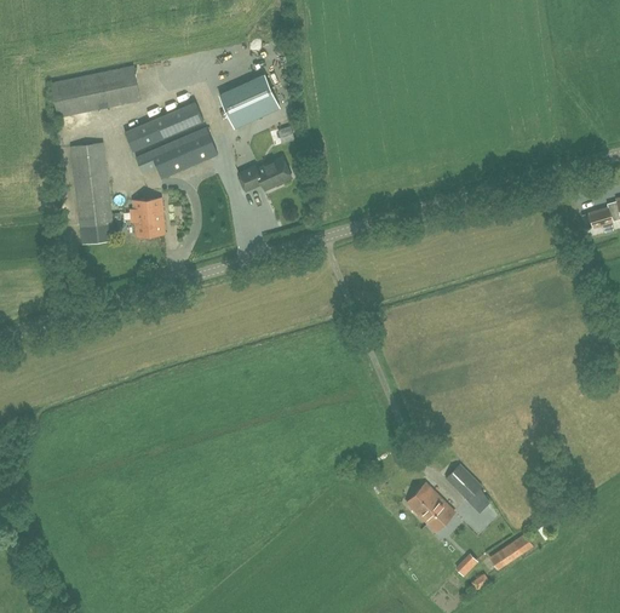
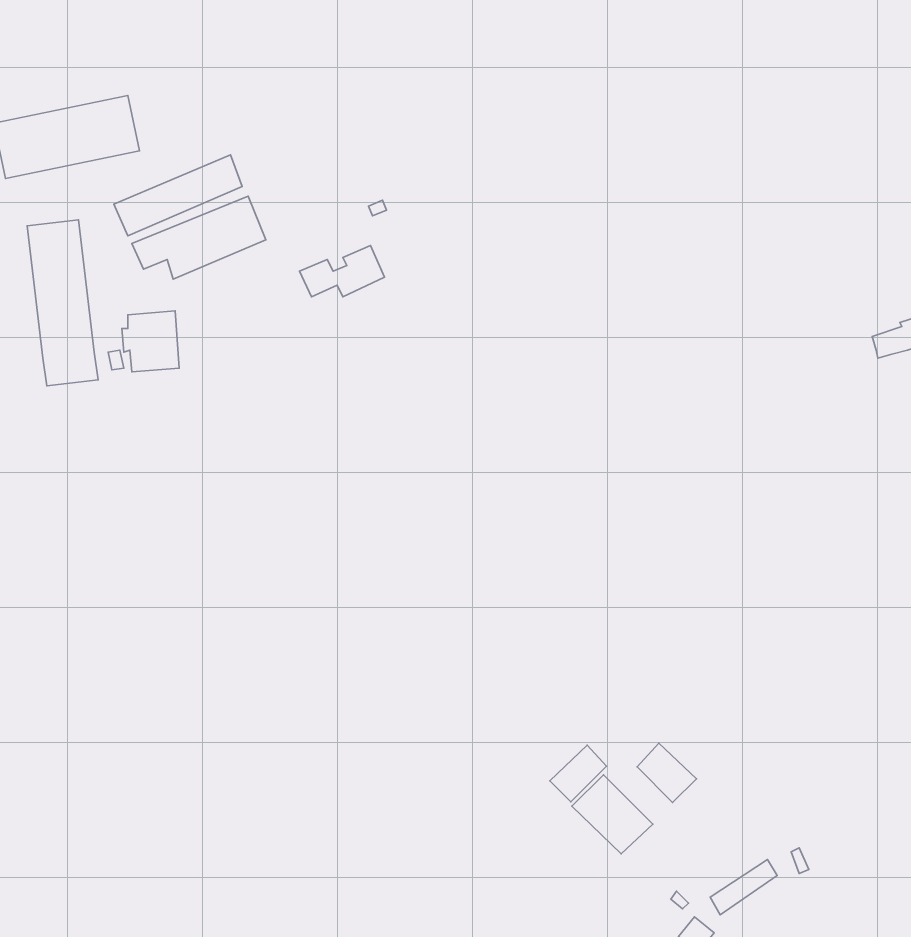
building: [218,74,279,128] -> none
building: none -> [550,745,606,802]

